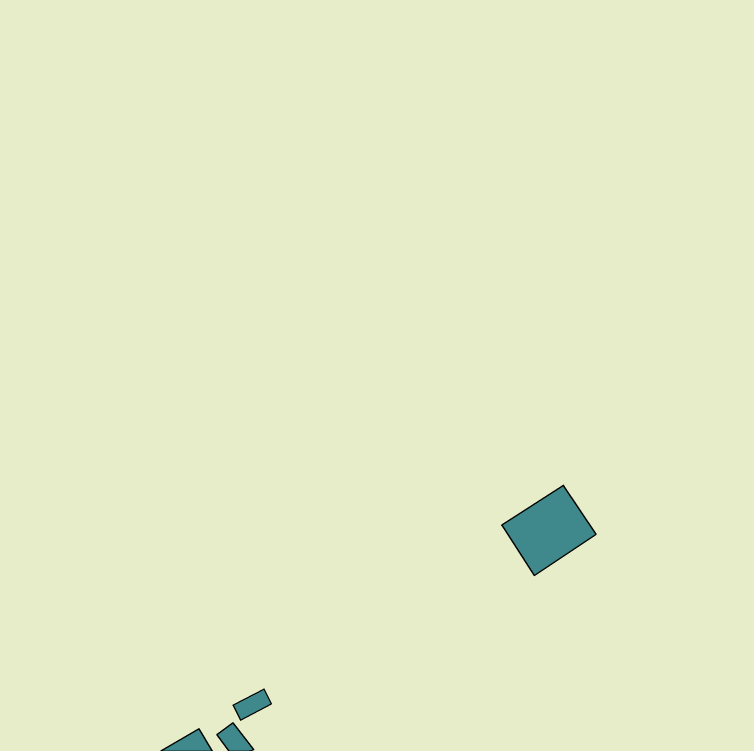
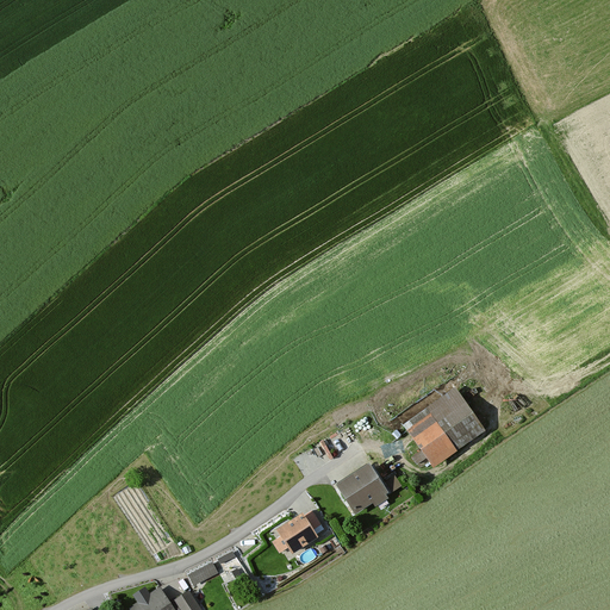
building: none -> [340,467,388,515]
building: none -> [280,516,317,552]

